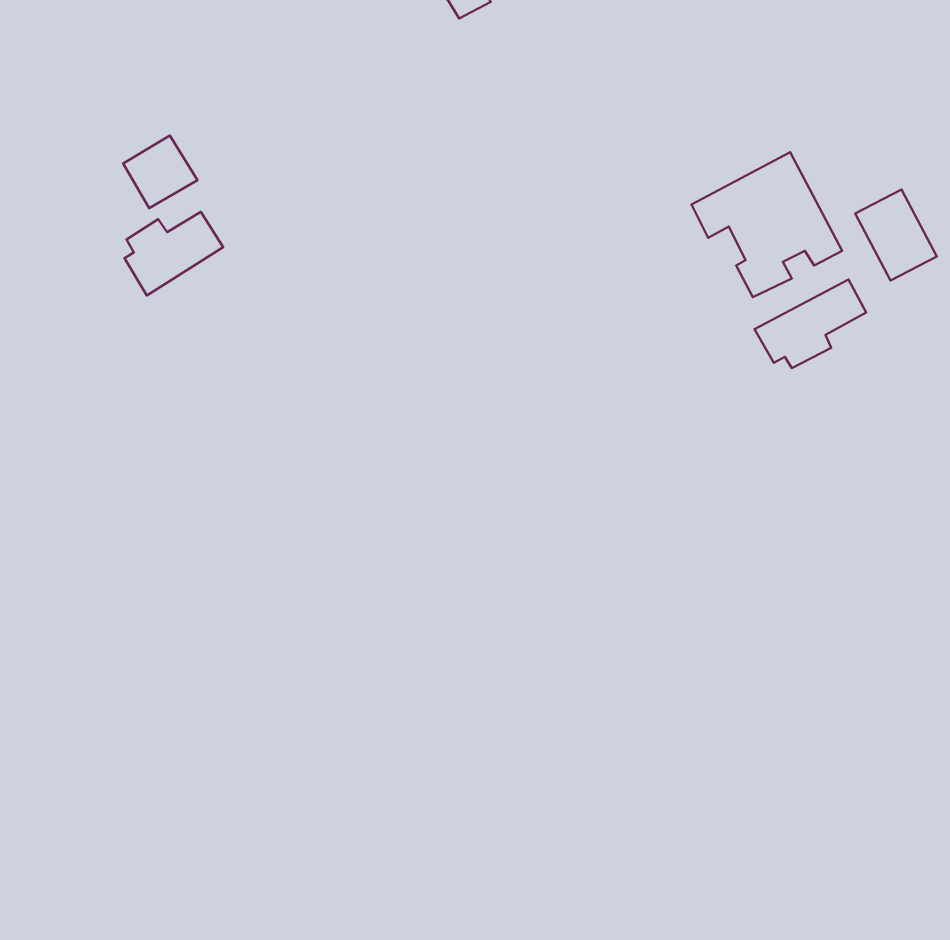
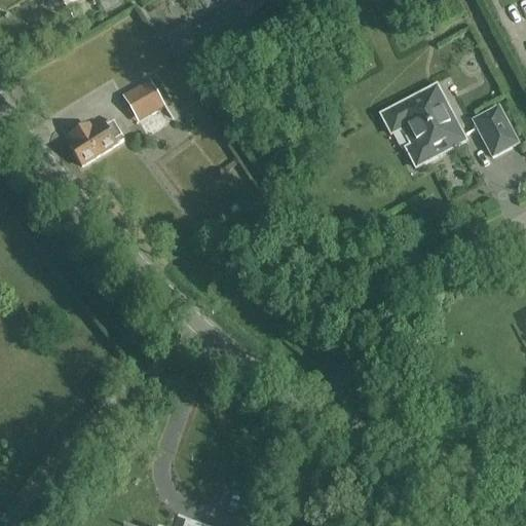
building: [123,136,198,208] -> [123,79,164,119]
building: [755,279,866,368] -> none

